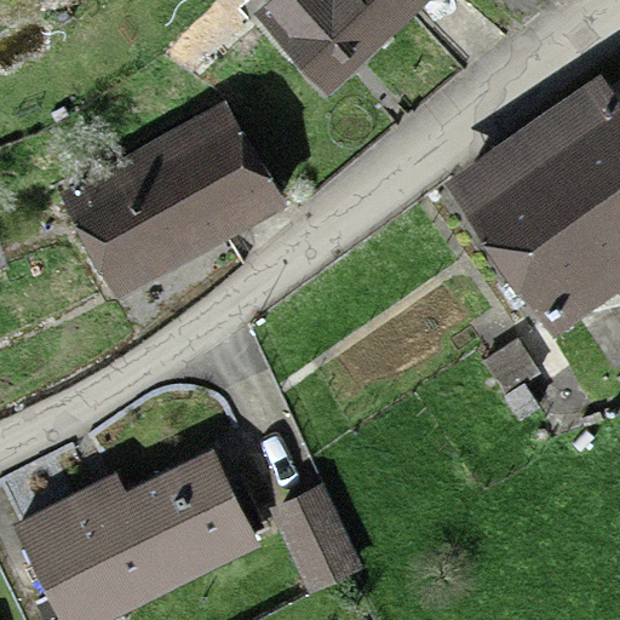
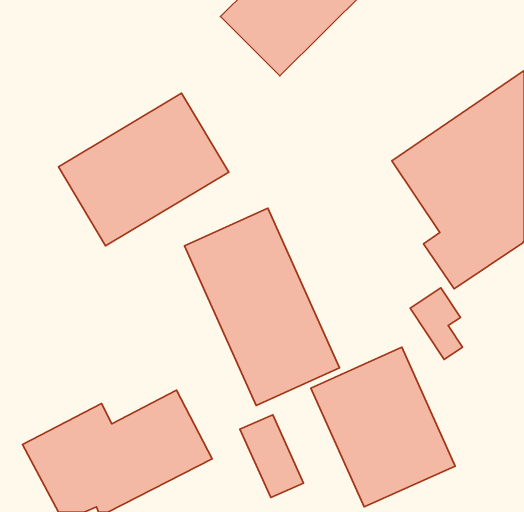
building: none -> [184,208,339,405]
building: none -> [311,347,455,507]

